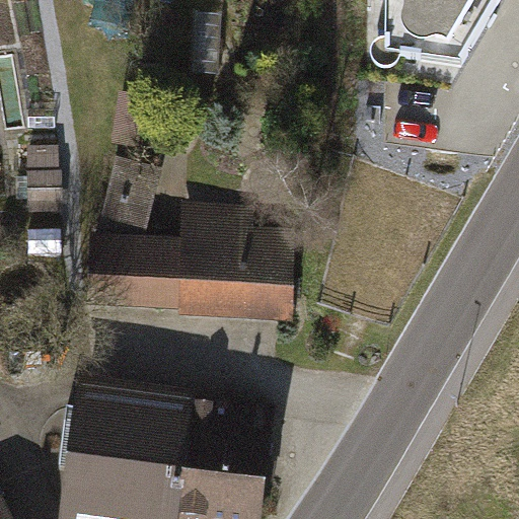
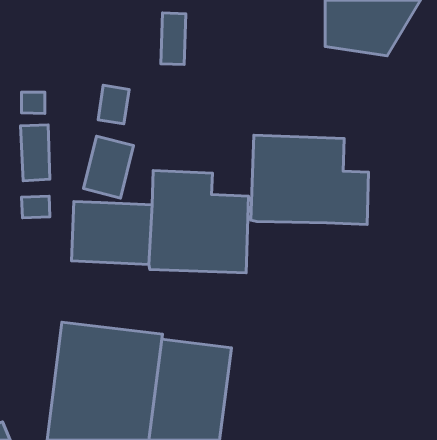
building: none -> [251,135,369,225]

